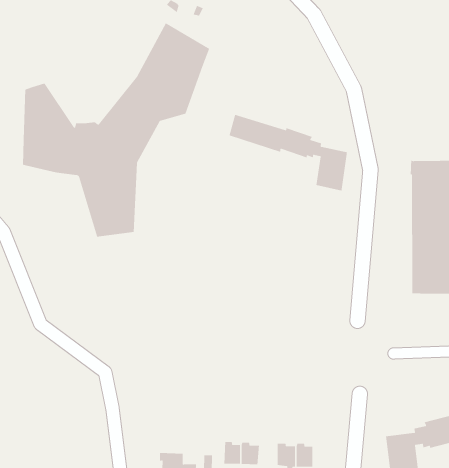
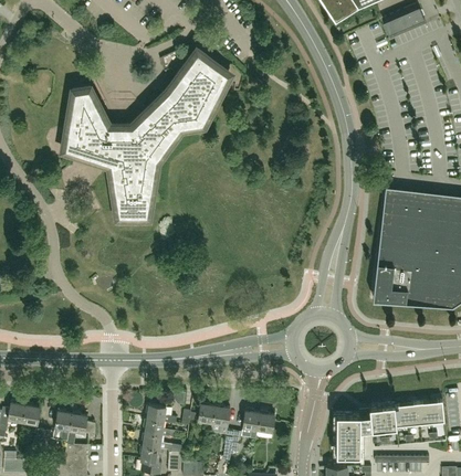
building: [229,114,348,191] -> none

